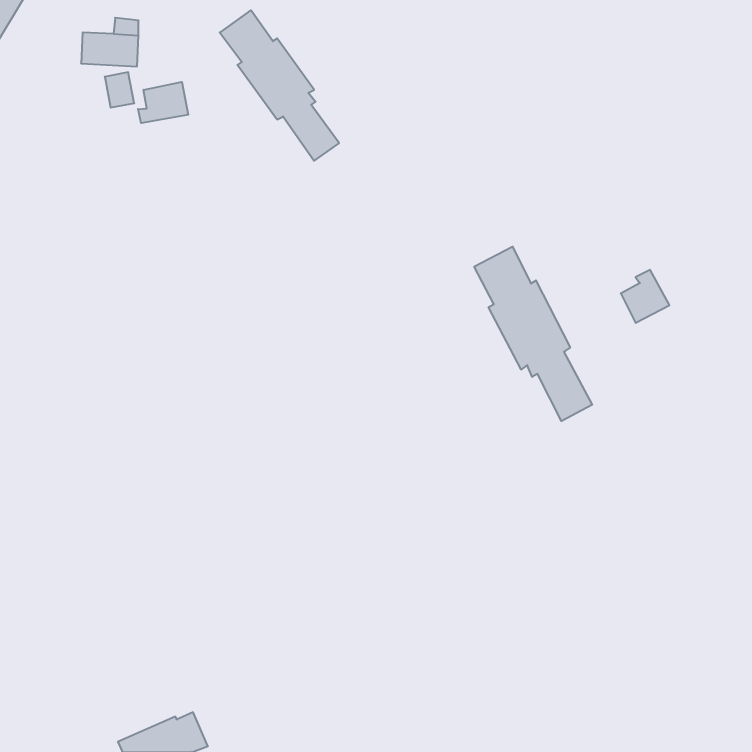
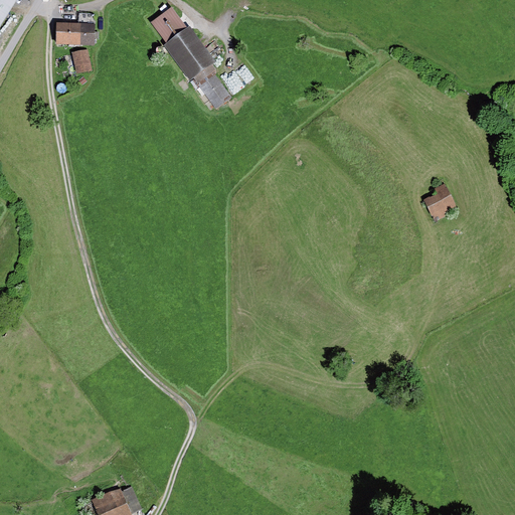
building: [138,82,188,123] -> none
building: [474,247,592,421] -> none

